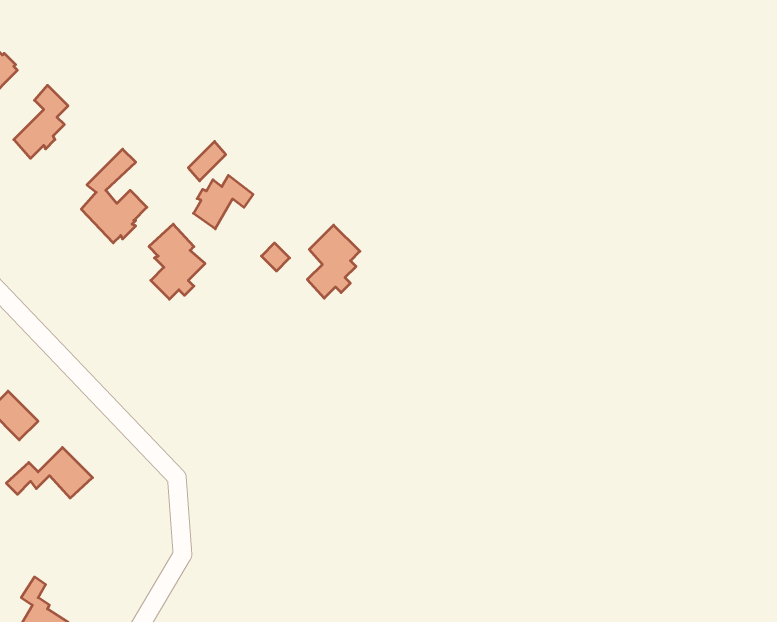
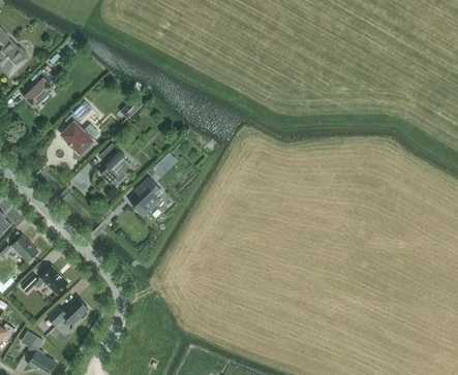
building: [193,175,253,229] -> none
building: [307,225,360,298] -> [133,177,162,217]
building: none -> [47,298,88,325]

